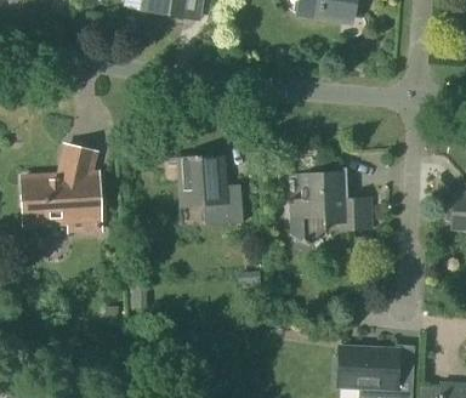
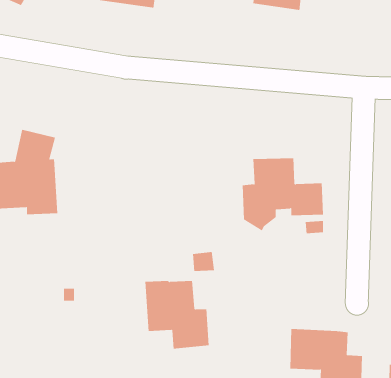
building: [176,155,243,226] -> [144,280,210,349]

